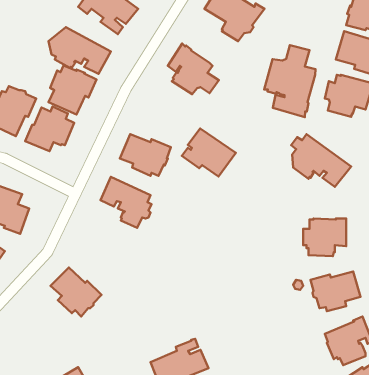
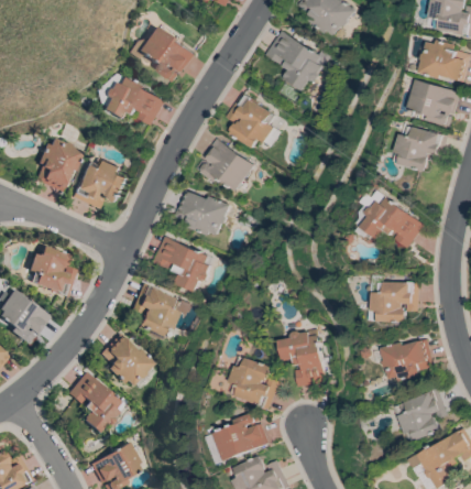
building: [264,45,315,117] -> none
building: [48,65,96,115] -> none
building: [182,128,236,176] -> [197,138,255,189]
building: none -> [132,283,188,337]
building: none -> [278,328,331,385]
building: none -> [230,356,281,409]
building: none -> [67,371,129,433]

